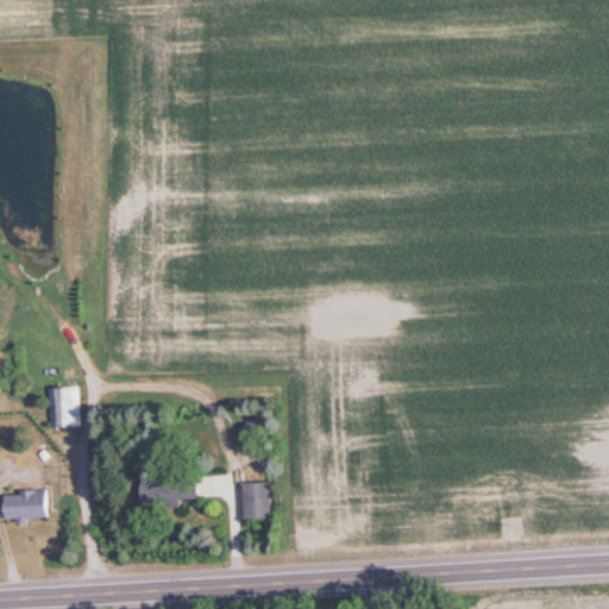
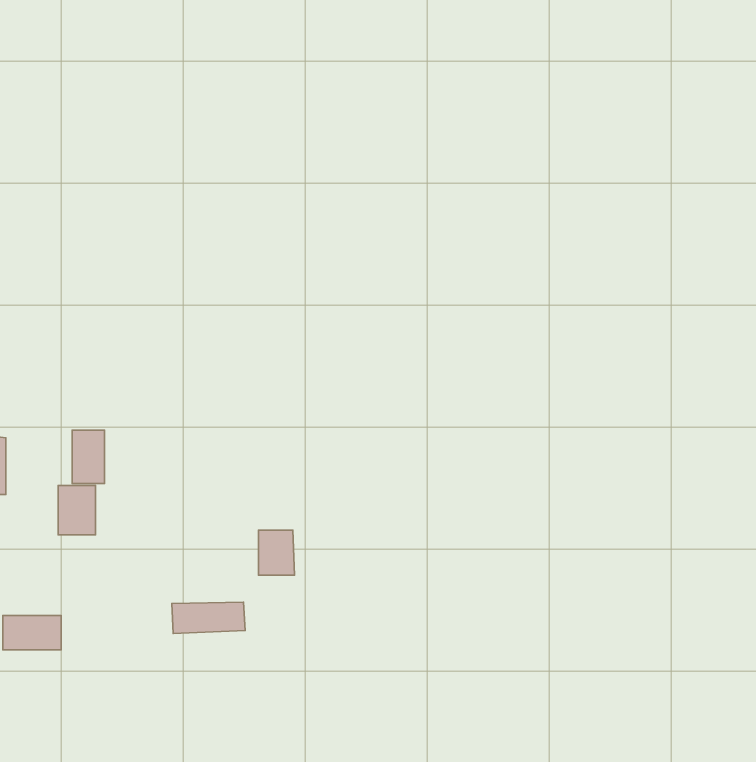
building: none -> [72,430,105,483]
building: [241,483,270,519] -> [259,530,294,575]

